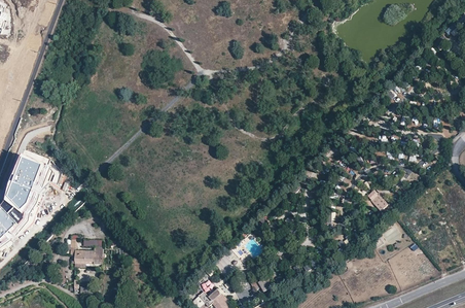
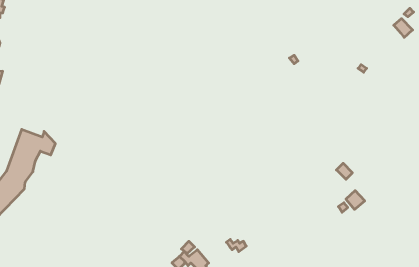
building: [69,238,98,262] -> none

